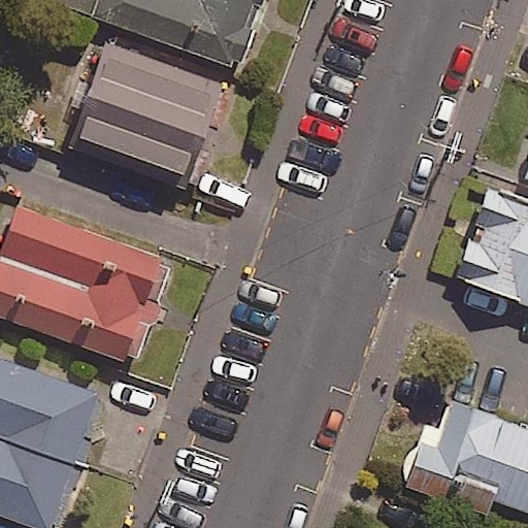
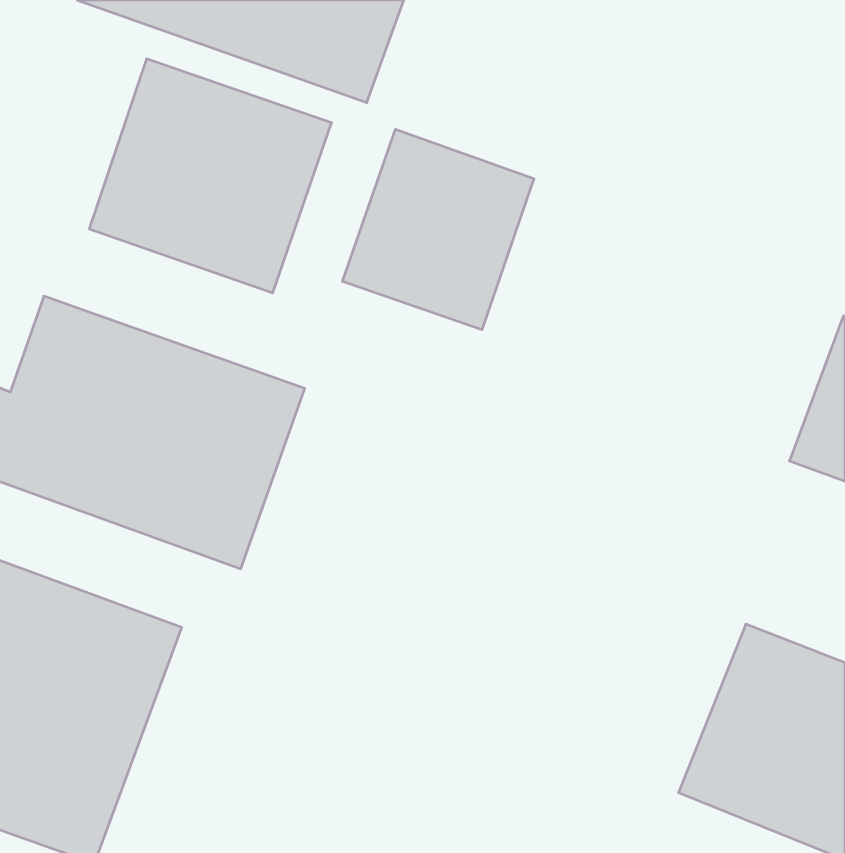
building: none -> [343,129,534,330]

